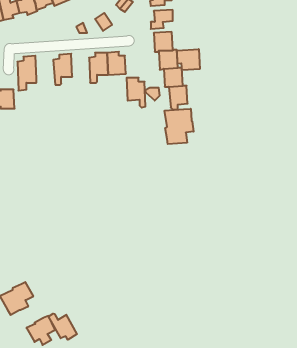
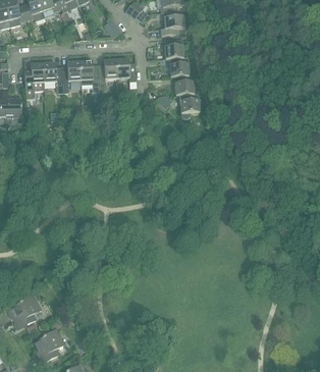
building: [177,49,200,70] -> none
building: none -> [43,62,63,93]
building: [127,78,145,108] -> [79,60,99,91]
building: [165,109,194,144] -> none
building: [49,314,77,340] -> none

